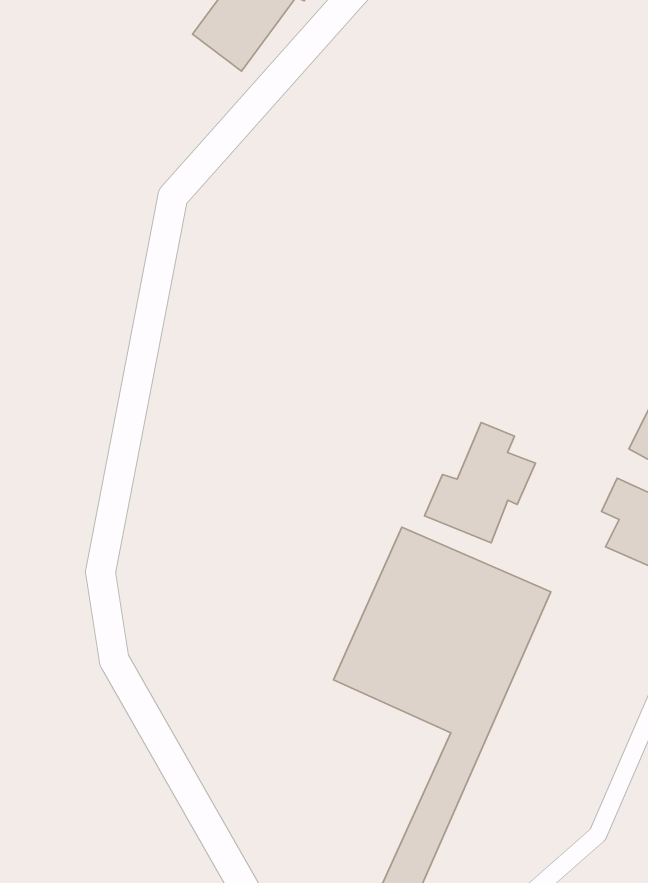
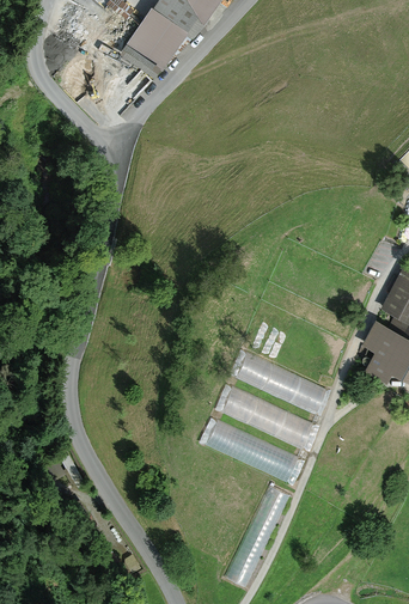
building: [424,423,535,543] -> none

